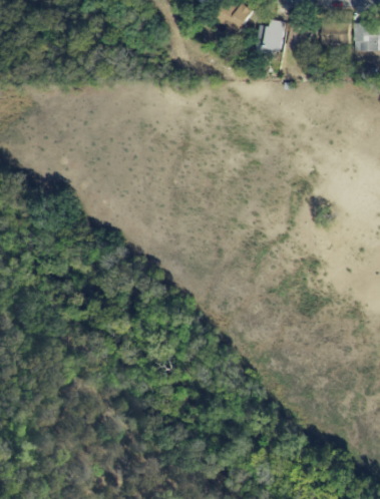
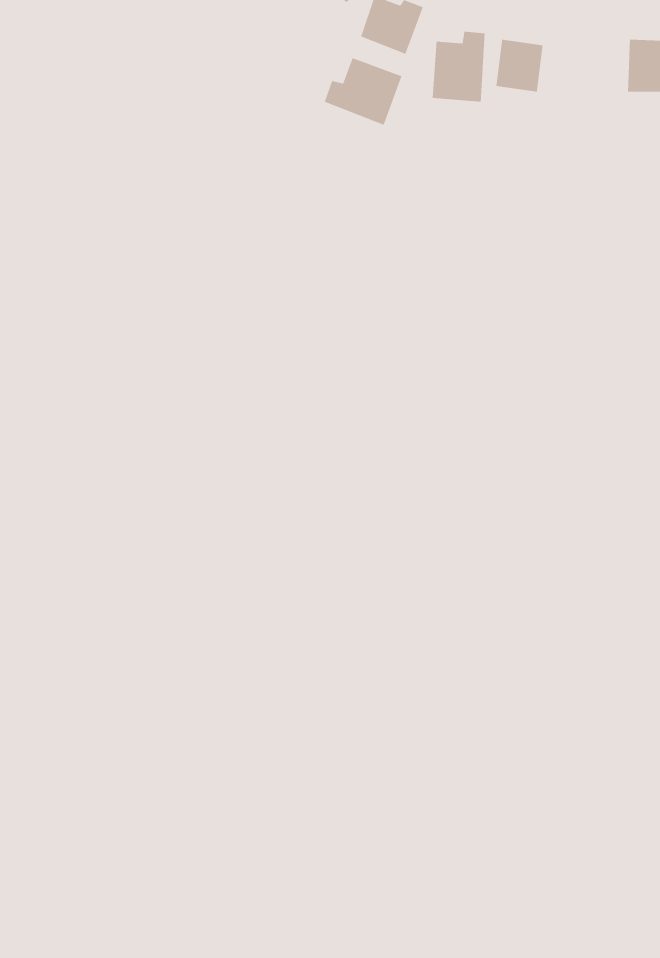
building: [322,22,350,45] -> none
building: none -> [324,57,403,126]

